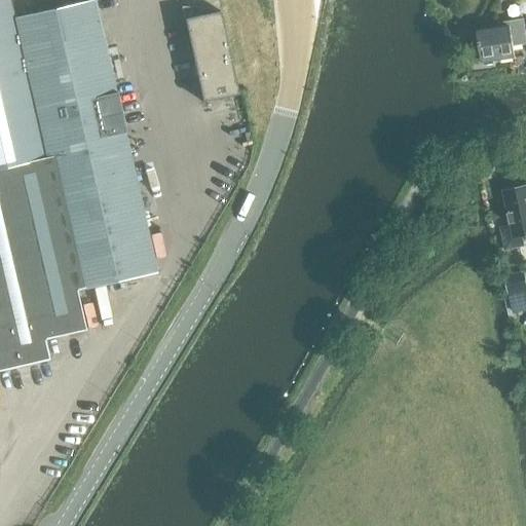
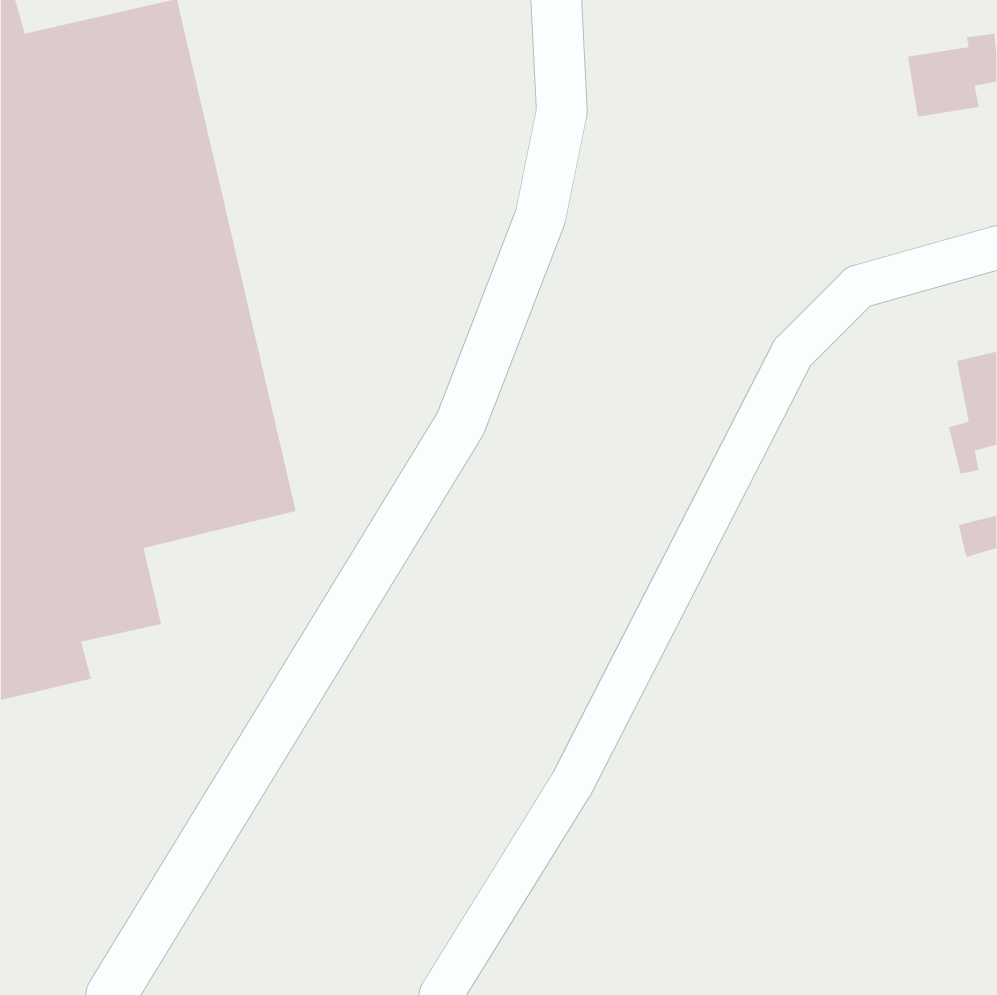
building: [184,11,237,100] -> none

